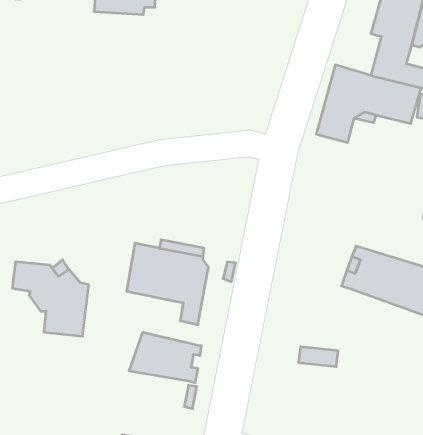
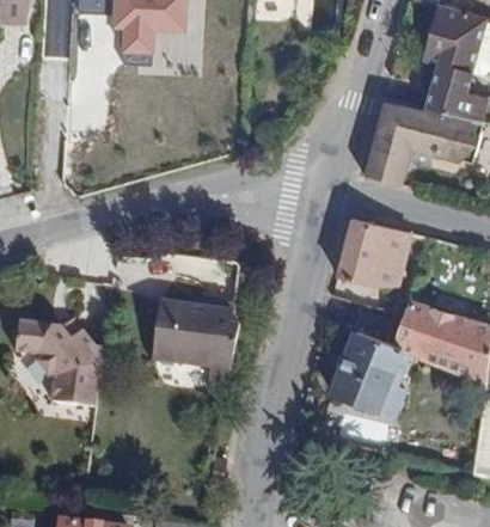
building: none -> [336,219,409,286]
building: none -> [331,333,405,417]
building: [129,332,201,383] -> none

